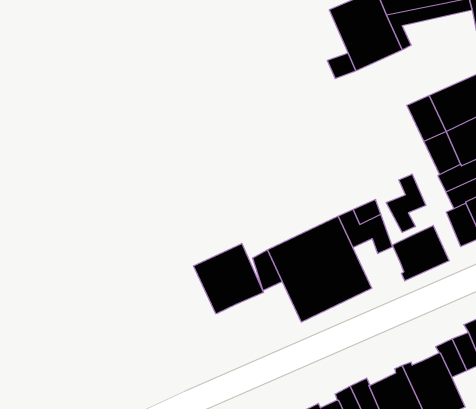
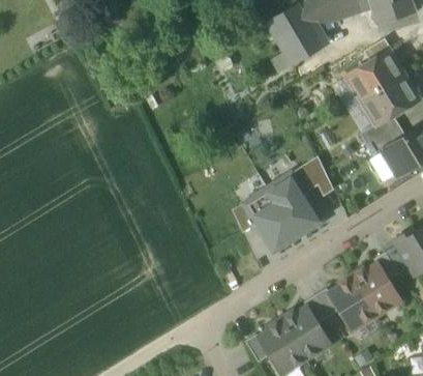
building: [386,174,426,232] -> none
building: [392,225,449,281] -> none
building: [193,243,264,314] -> none

